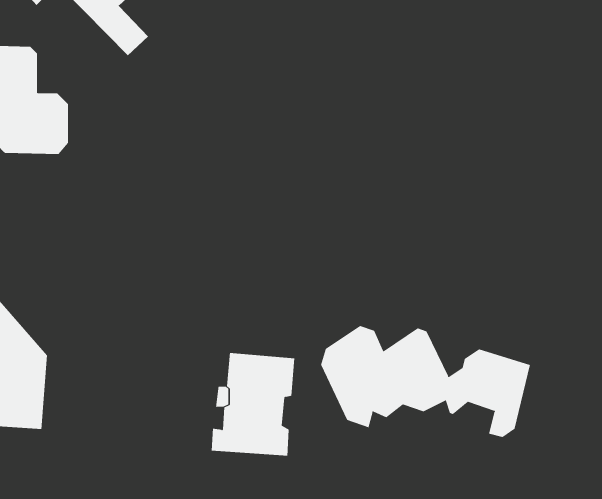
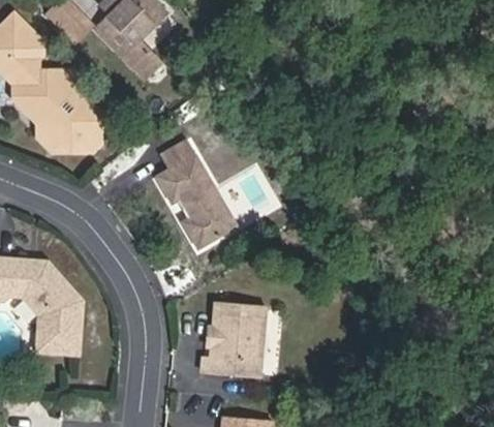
building: none -> [153,140,236,249]
building: [320,325,530,438] -> none

